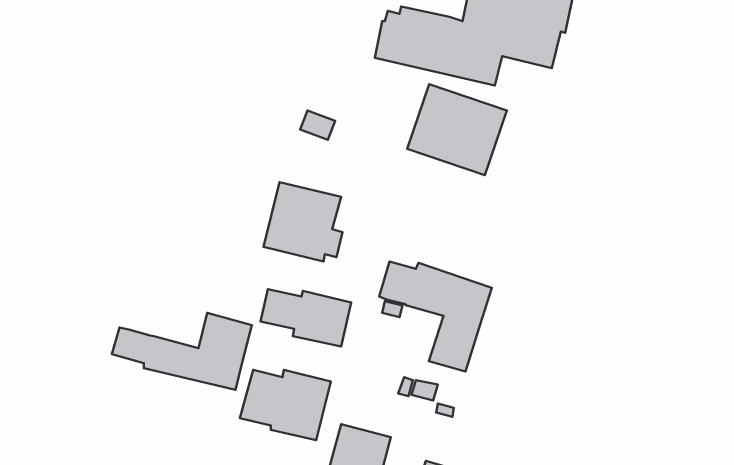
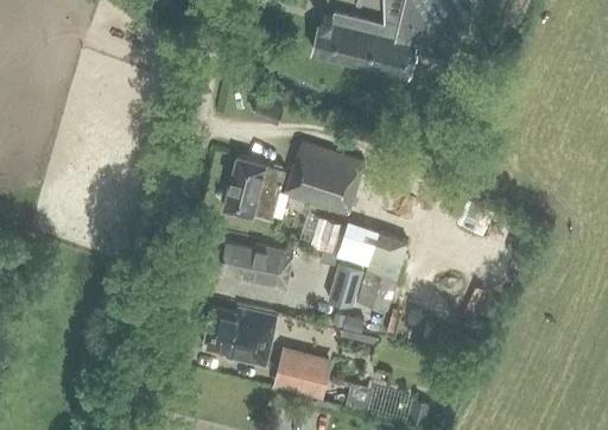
building: [407,84,507,175] -> [284,140,365,214]
building: none -> [327,261,362,305]
building: [112,313,252,390] -> none

